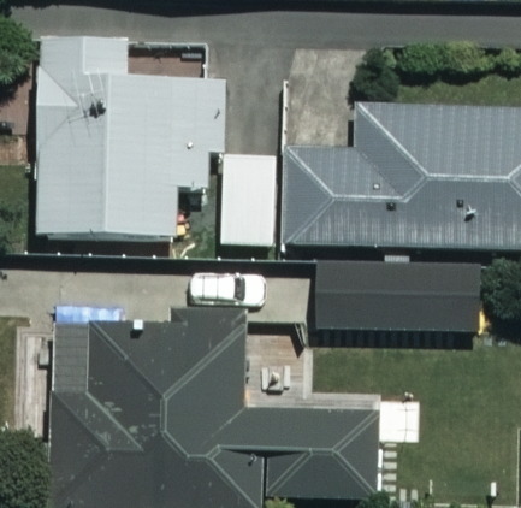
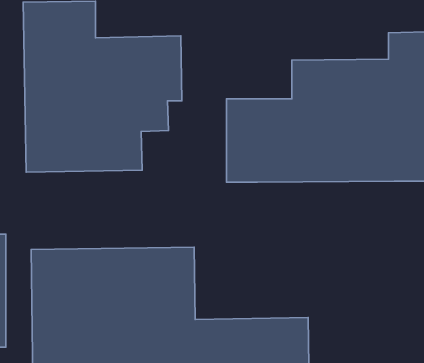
building: [316,247,479,345] -> none

